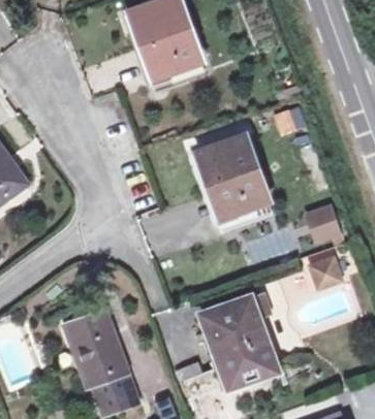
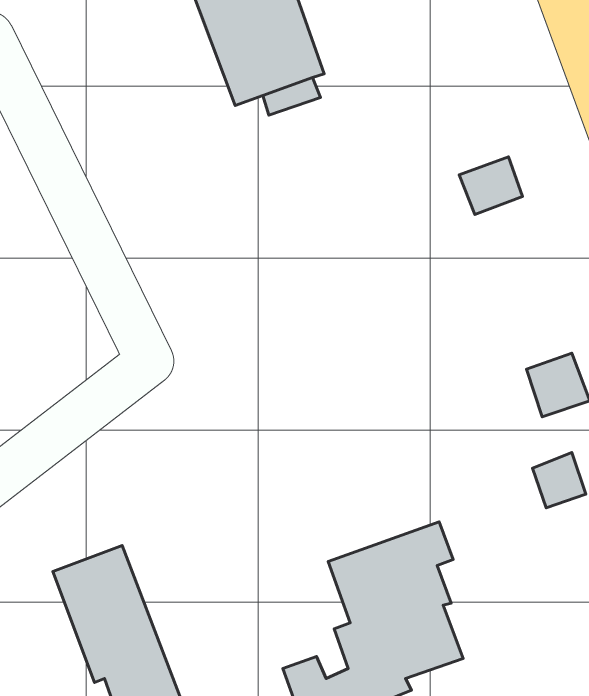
building: [199,135,269,218] -> none

